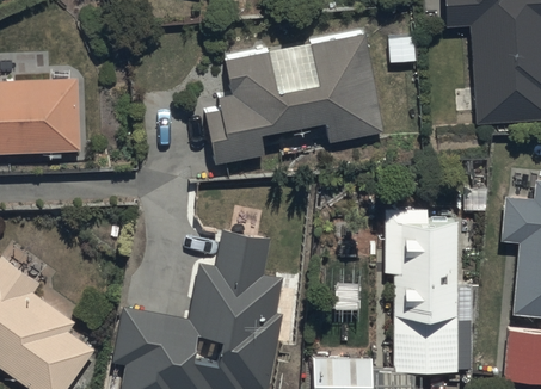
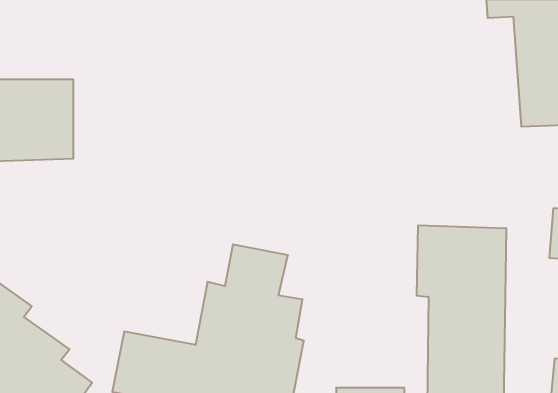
building: [202,43,381,172] -> none

